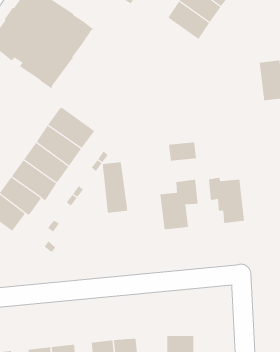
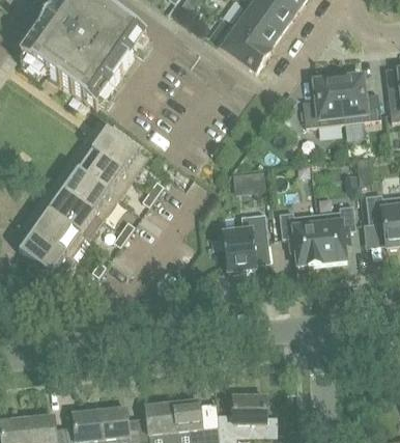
building: none -> [218,24,270,71]
building: none -> [304,77,344,126]
building: [102,161,128,214] -> none
building: none -> [317,204,356,261]

